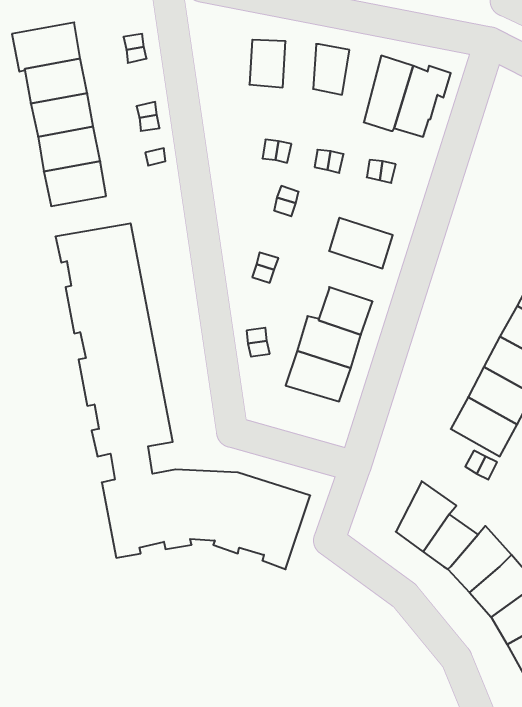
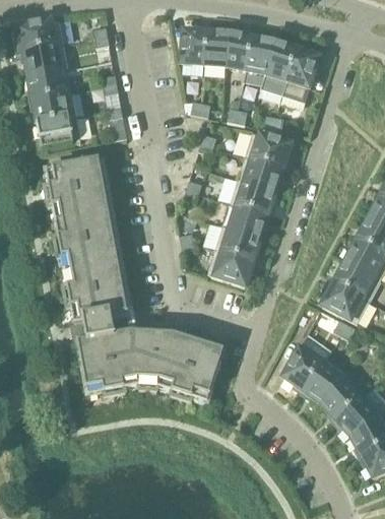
building: none -> [204,30,228,64]
building: none -> [243,37,273,87]
building: none -> [244,130,294,167]
building: none -> [229,178,274,213]

